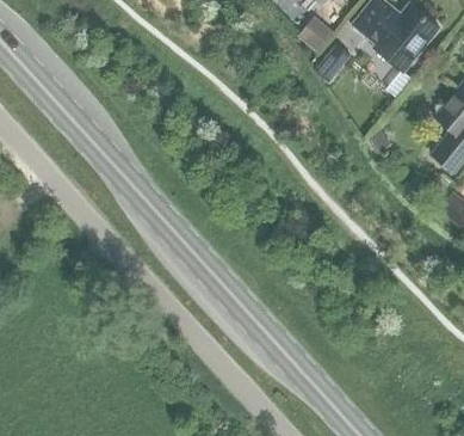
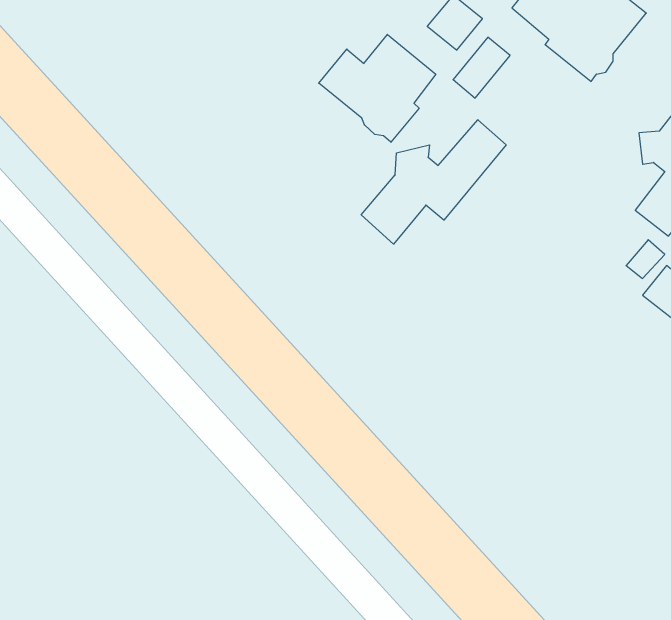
building: none -> [319,34,436,142]
building: none -> [361,120,506,244]

